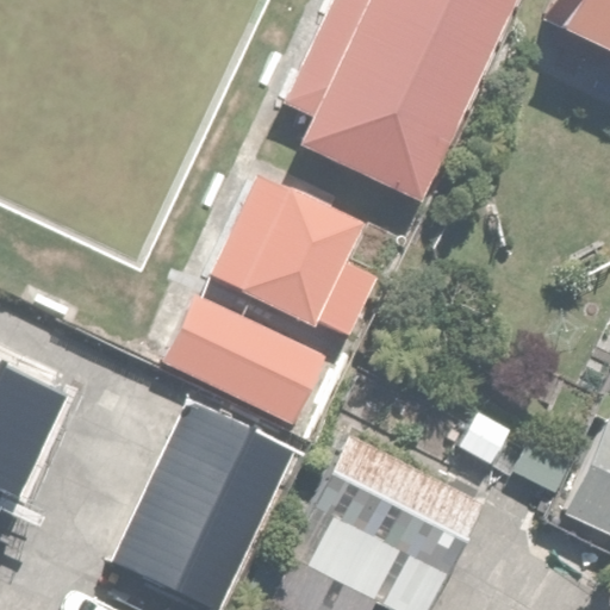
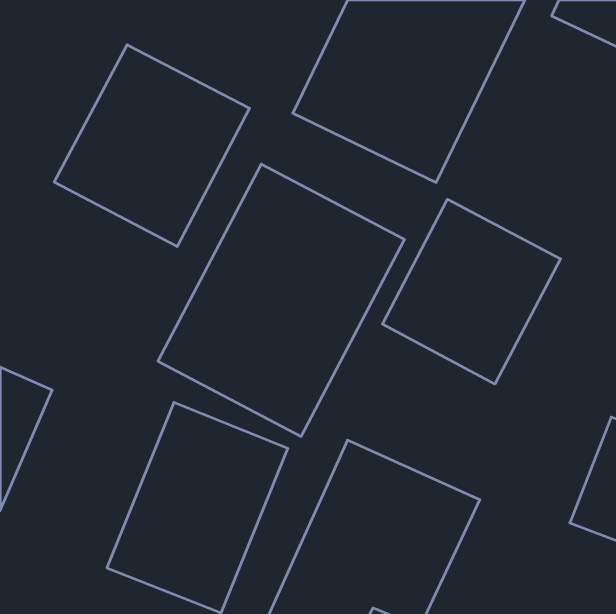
building: none -> [54,45,250,247]
building: none -> [382,199,561,384]

